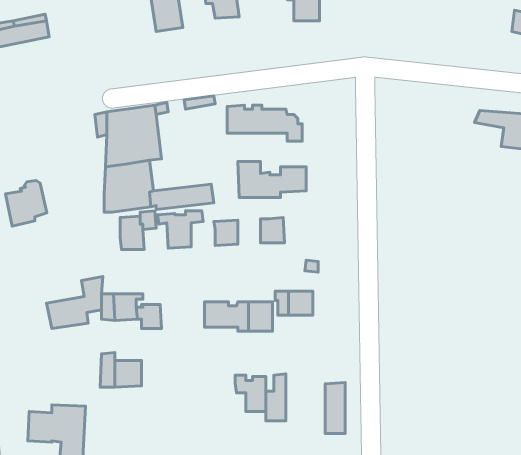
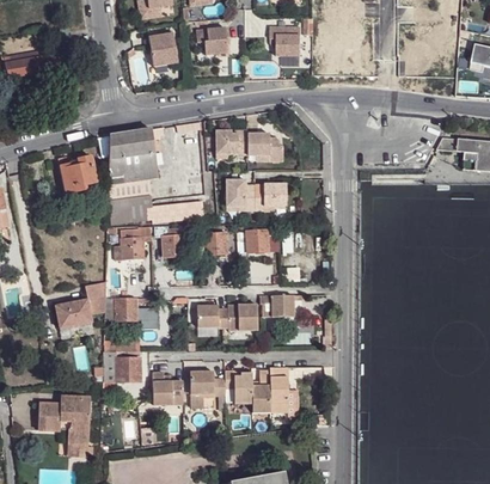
building: [5,181,47,226] -> [60,153,97,194]
building: none -> [190,370,225,397]
building: none -> [152,372,182,405]
building: [325,383,345,433] -> [269,366,287,411]

